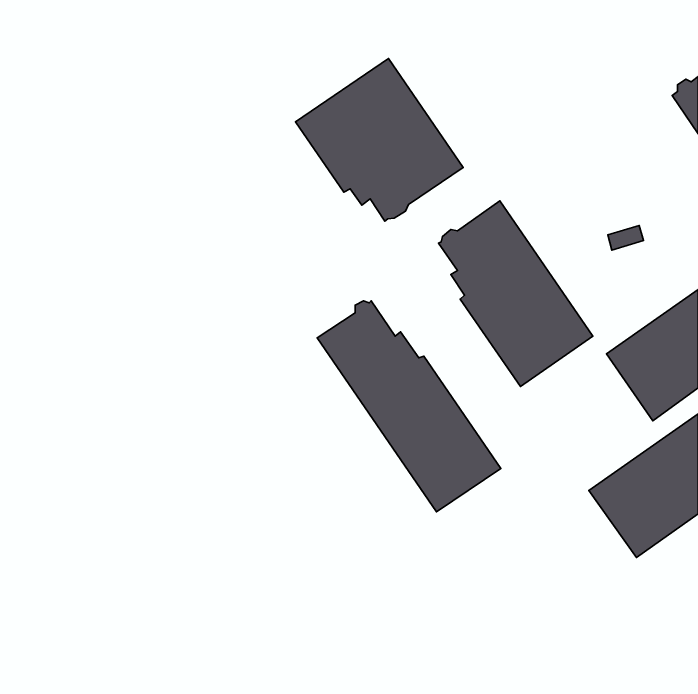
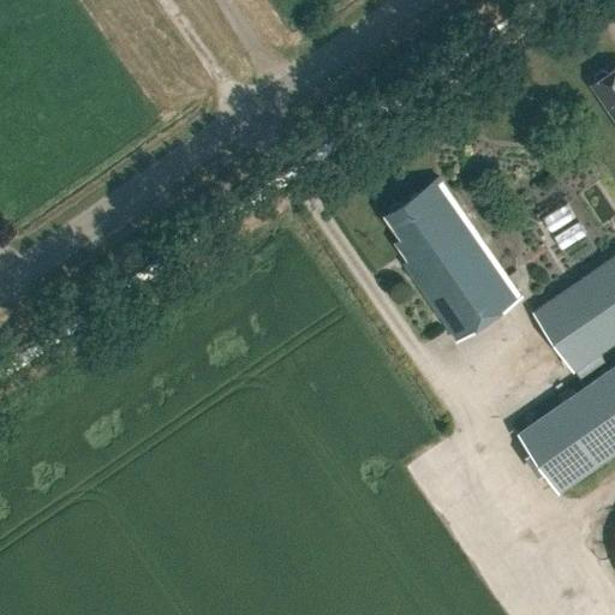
building: [296,59,463,221] -> none
building: [317,301,501,512] -> none

